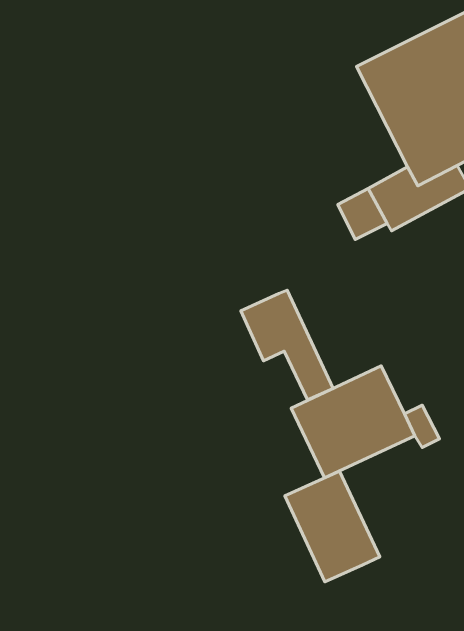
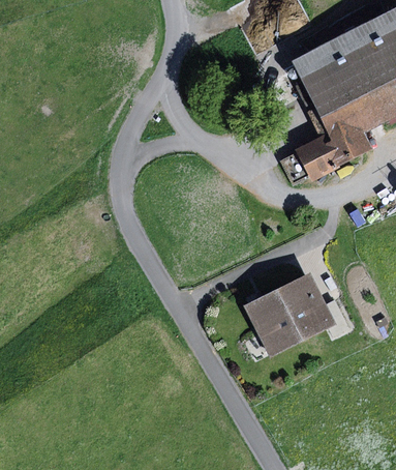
building: [241,290,333,400] -> none
building: [285,471,380,582] -> none

